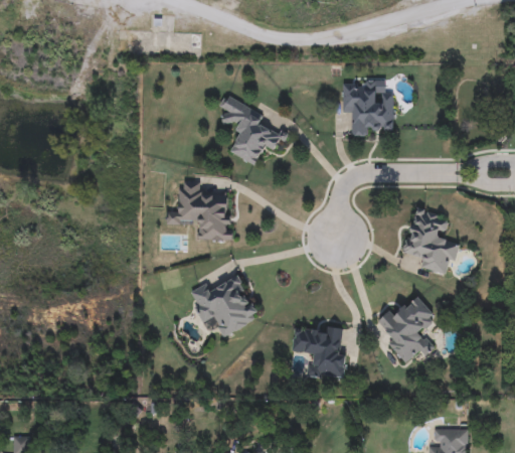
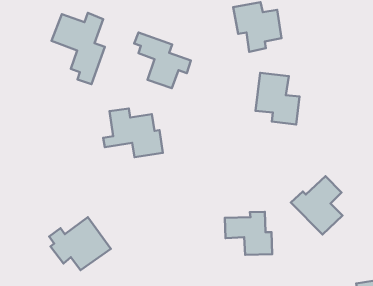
building: none -> [52,13,105,84]
building: [402,207,457,275] -> [256,73,300,125]
building: [190,274,261,335] -> [49,217,111,270]

